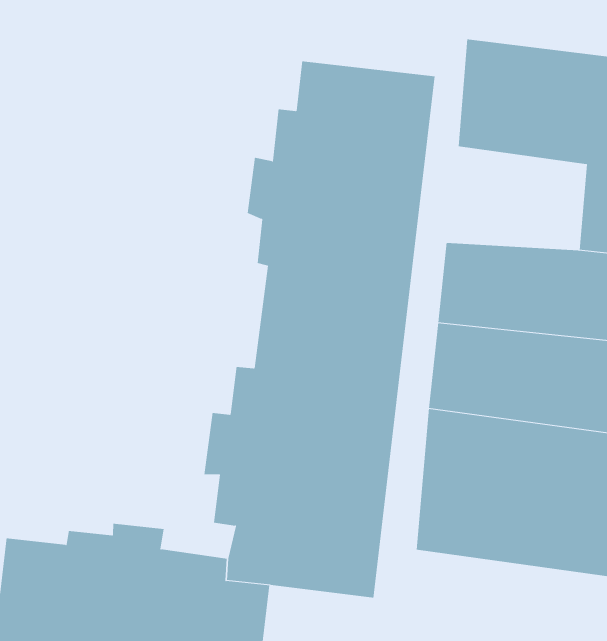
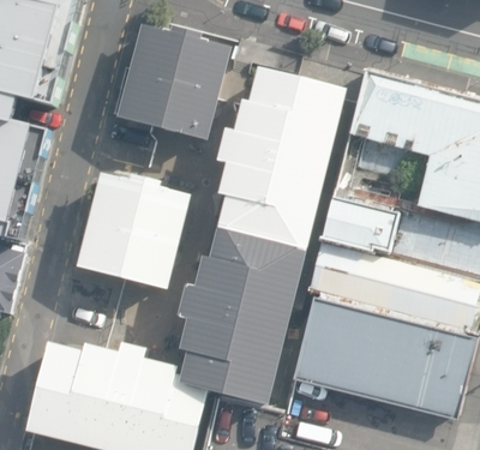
building: none -> [116,29,228,144]
building: none -> [73,175,187,293]

